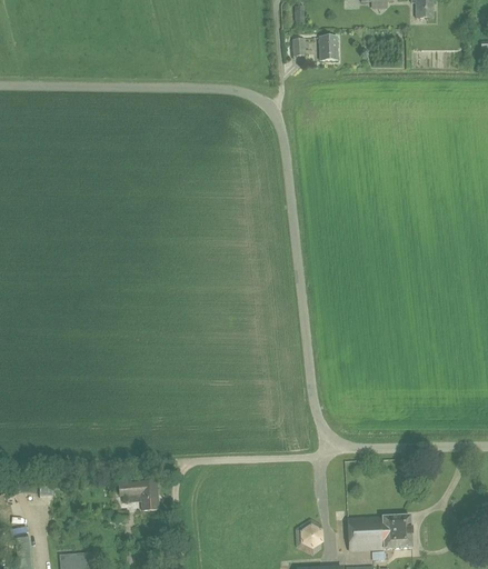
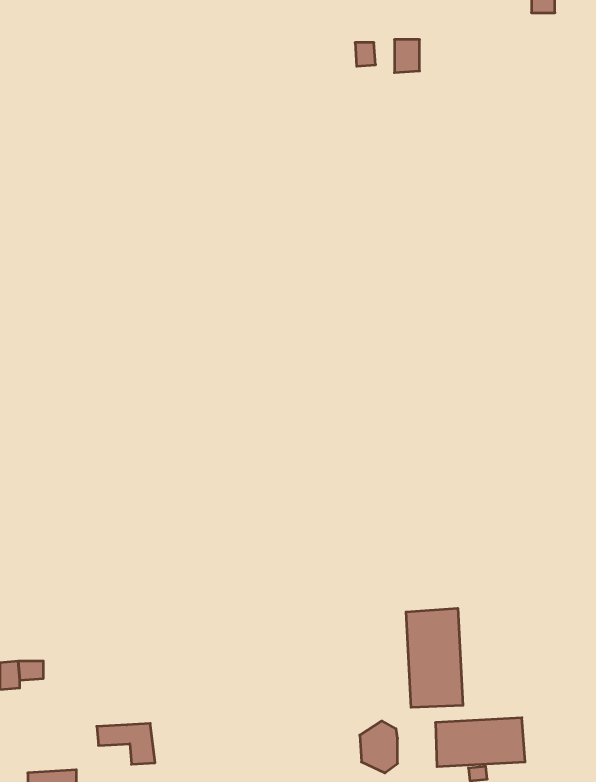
building: none -> [406,608,463,707]
building: [118,479,159,508] -> [97,723,155,764]

